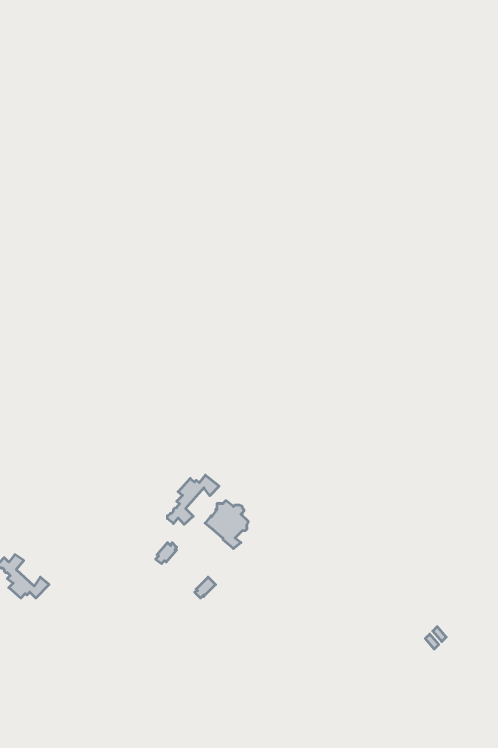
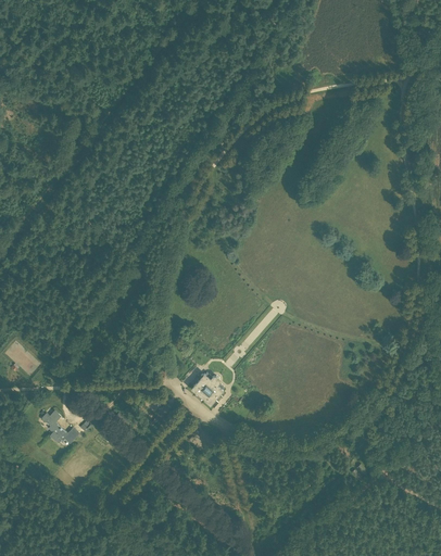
building: [167,475,219,524] -> none

